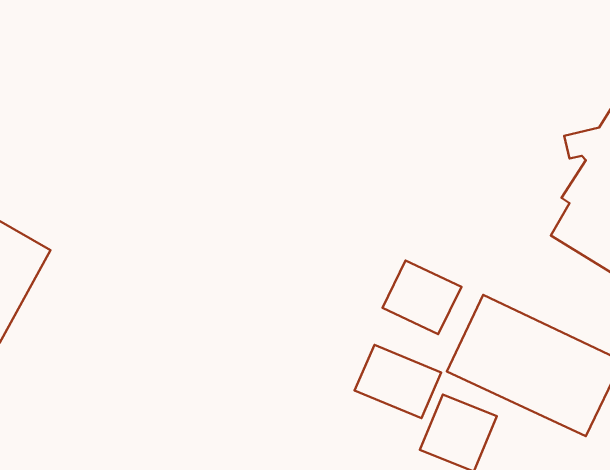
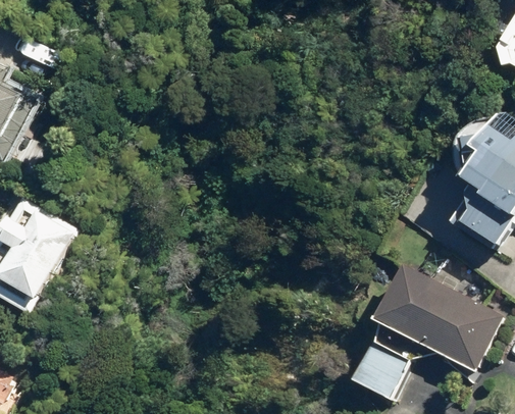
building: [382,260,462,334] -> none
building: [355,345,441,418] -> none

